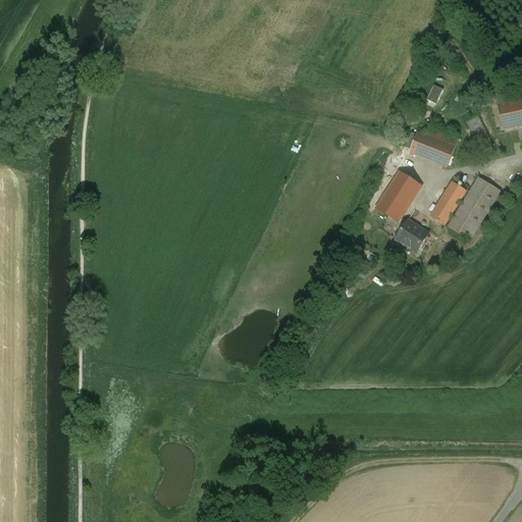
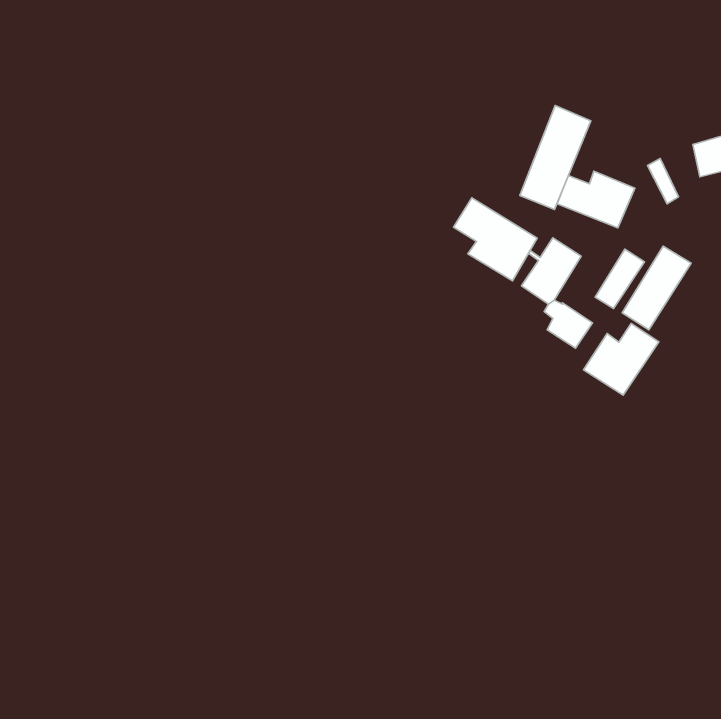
building: none -> [520,106,591,210]
building: none -> [454,198,537,281]
building: none -> [583,324,659,395]

